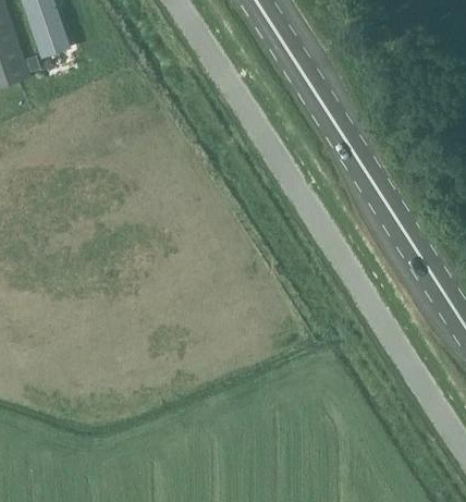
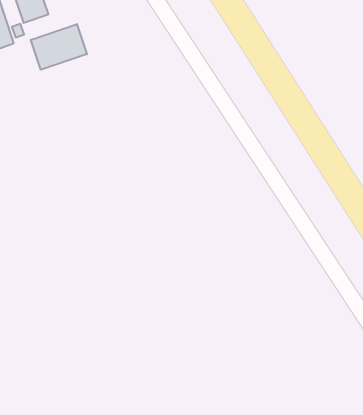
building: none -> [31,24,87,70]

